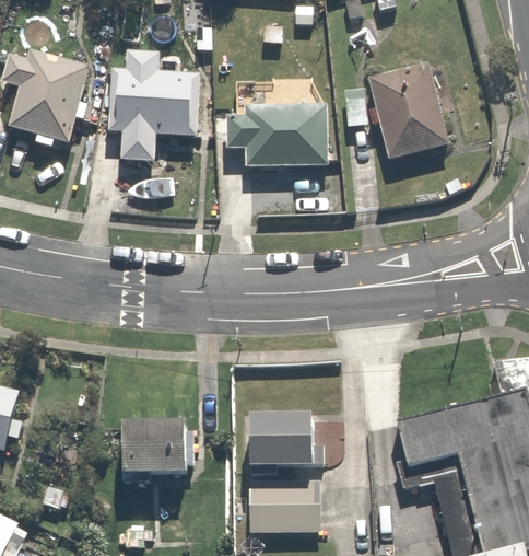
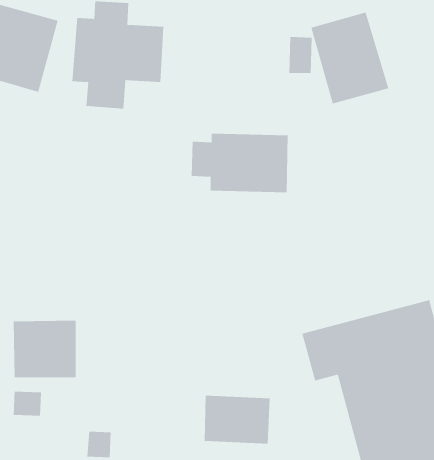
building: [224,104,331,170] -> [191,133,288,193]
building: [251,412,325,474] -> none
building: [122,419,192,483] -> [13,320,77,378]

